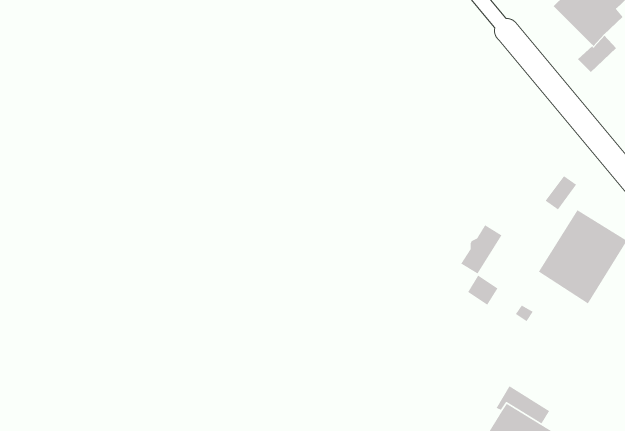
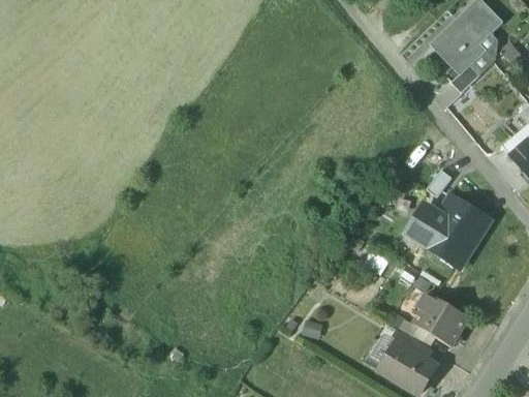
building: [460,224,502,275] -> [408,205,440,243]
building: none -> [414,295,469,346]

